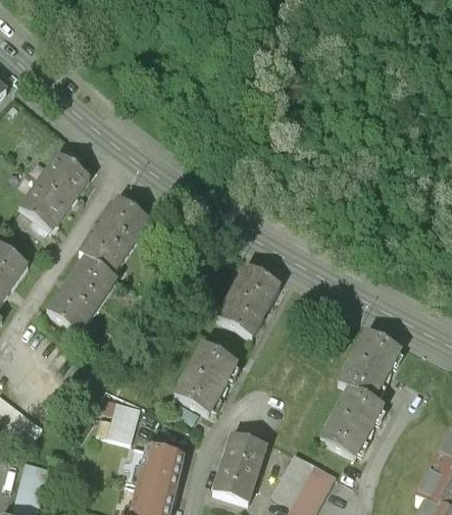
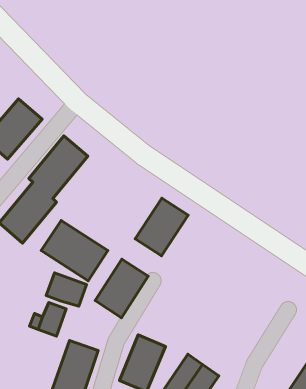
building: none -> [41,220,108,281]
building: [321,325,402,455] -> none
building: none -> [46,273,86,306]

